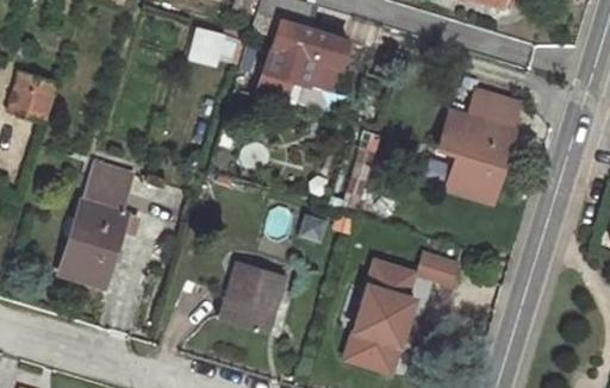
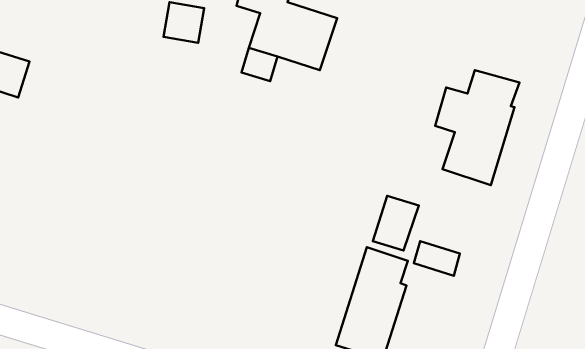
building: [58,161,135,283] -> none
building: none -> [373,196,419,250]
building: [218,259,287,336] -> none

